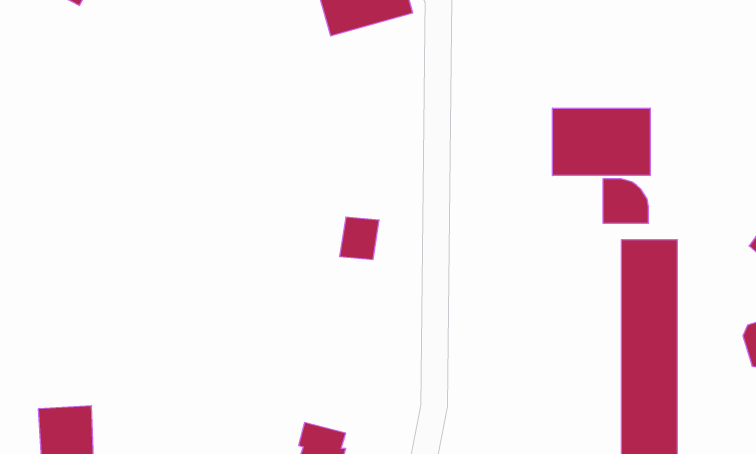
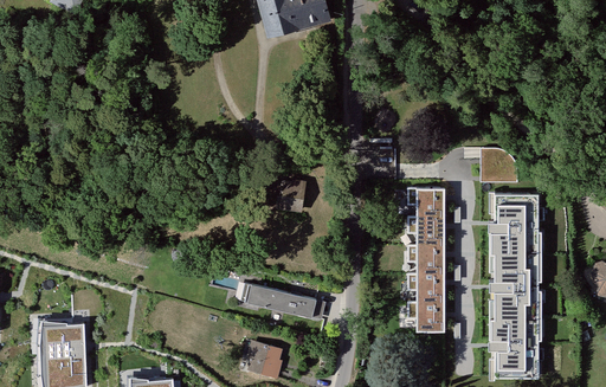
building: [553,108,650,176] -> none
building: none -> [408,188,444,331]
building: none -> [243,282,325,318]

